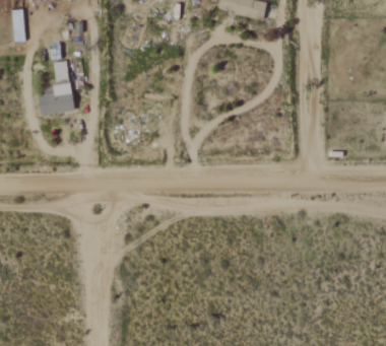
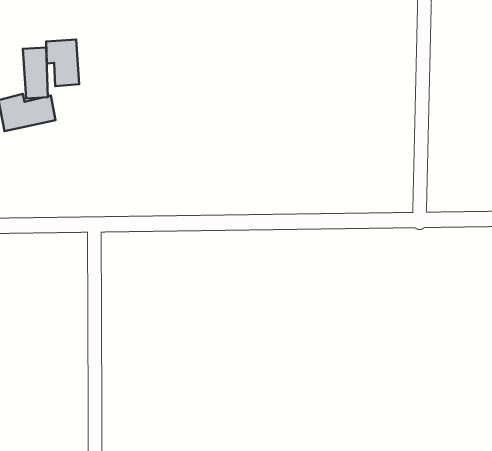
building: none -> [46,39,79,86]

